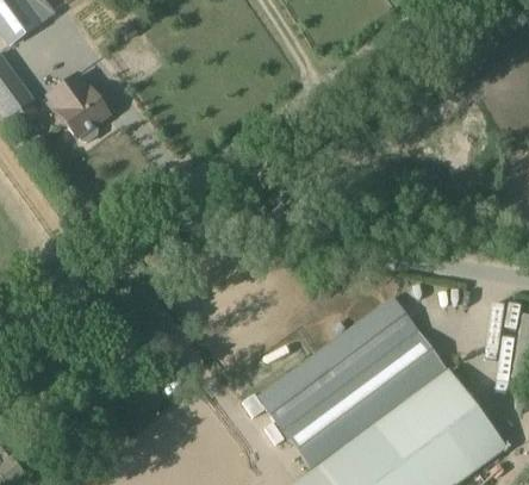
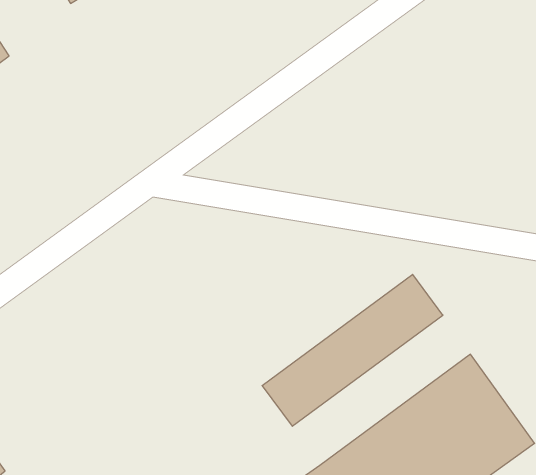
building: [46,73,111,141] -> none
building: [285,332,448,470] -> none

